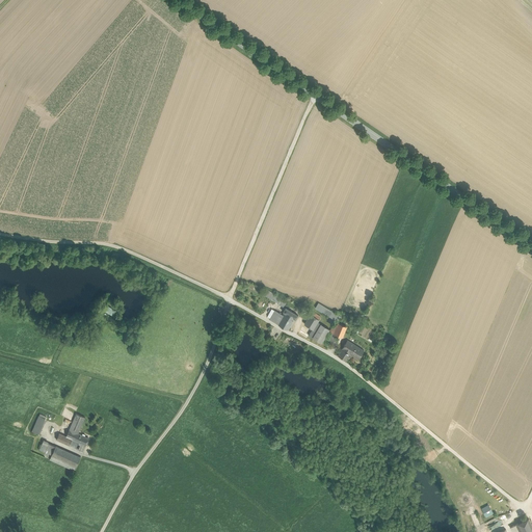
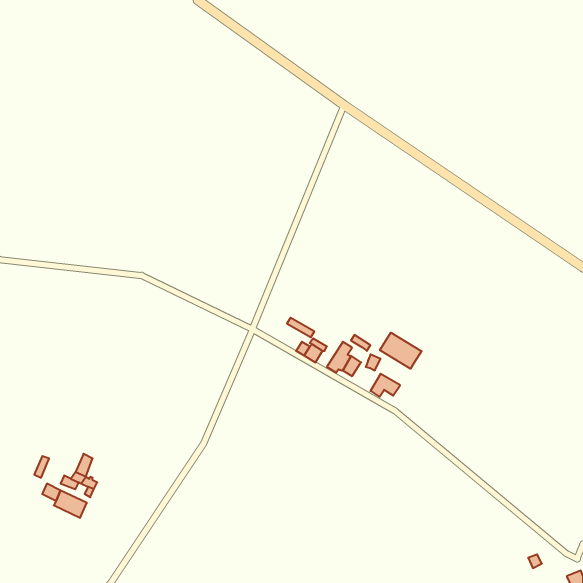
building: none -> [380,333,422,369]

